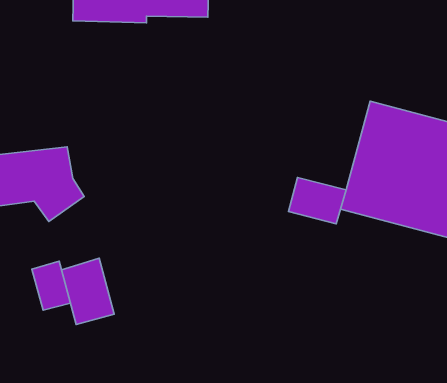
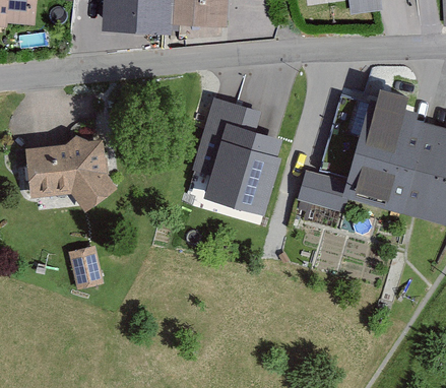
building: none -> [192,98,281,212]
building: [61,258,114,325] -> none

